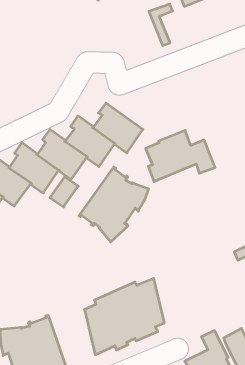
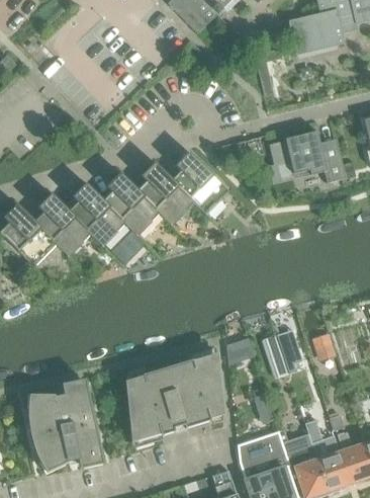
building: [146,130,215,182] -> [269,130,346,183]
building: [79,167,148,242] -> none
building: none -> [275,329,302,374]
building: none -> [225,337,254,365]

